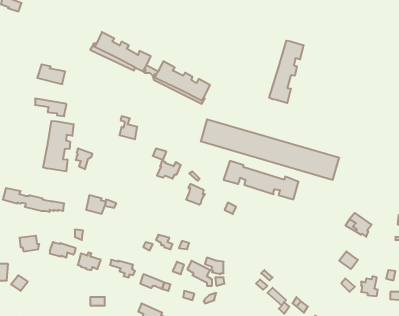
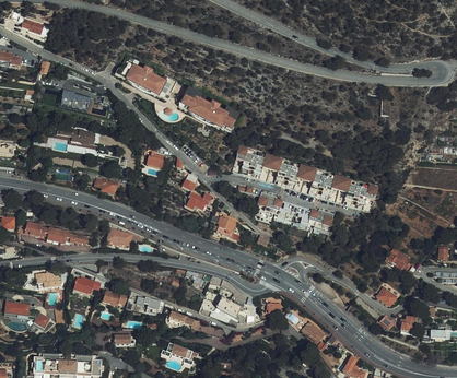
building: [269,41,304,103] -> none
building: [43,121,74,171] -> none

